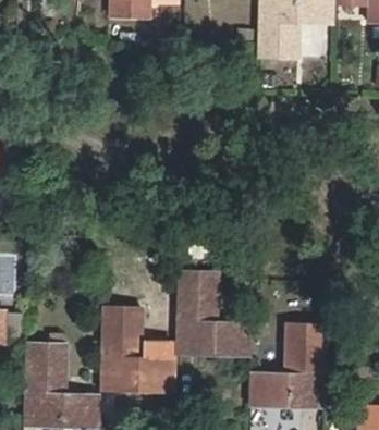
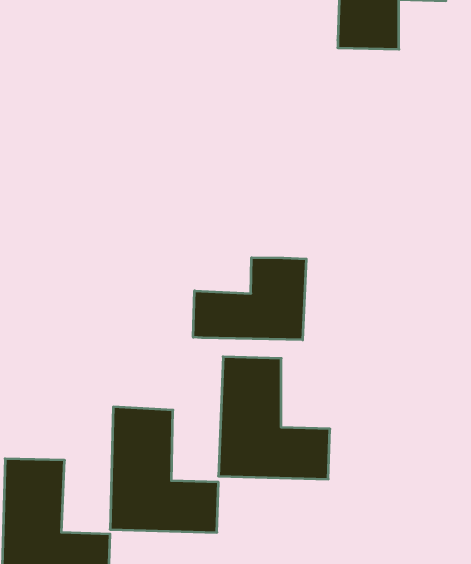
building: none -> [193,258,306,340]
building: [250,323,328,408] -> none

